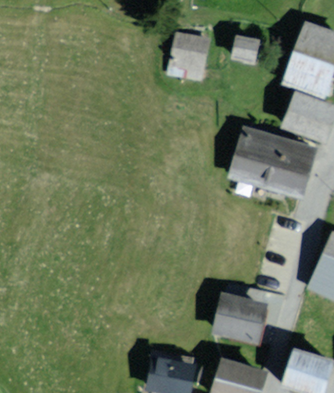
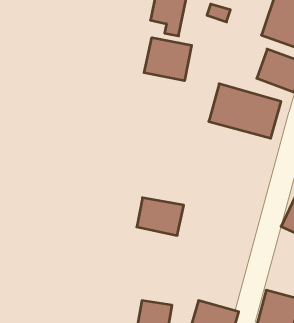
building: none -> [144,38,192,81]
building: [214,296,264,336] -> [137,198,184,235]

